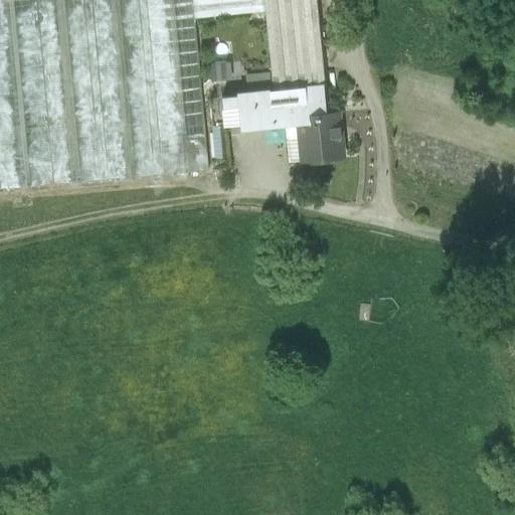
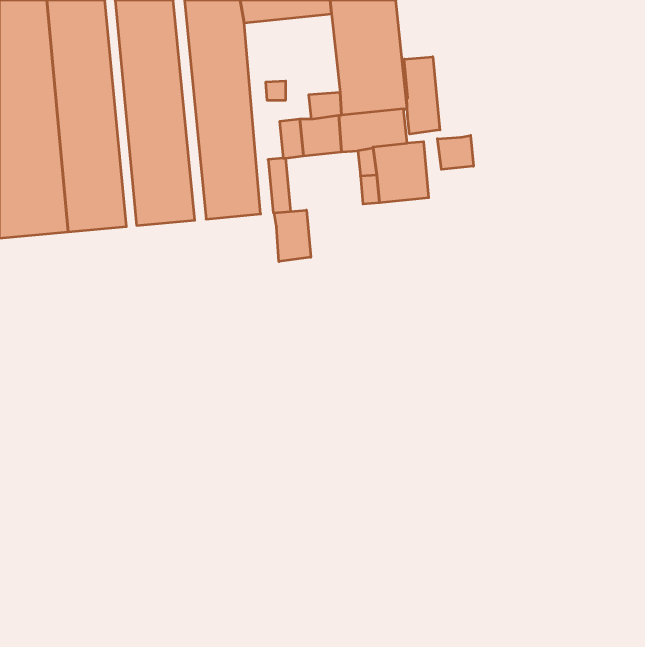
building: none -> [404,57,440,134]
building: none -> [437,135,473,169]
building: none -> [274,210,311,262]

